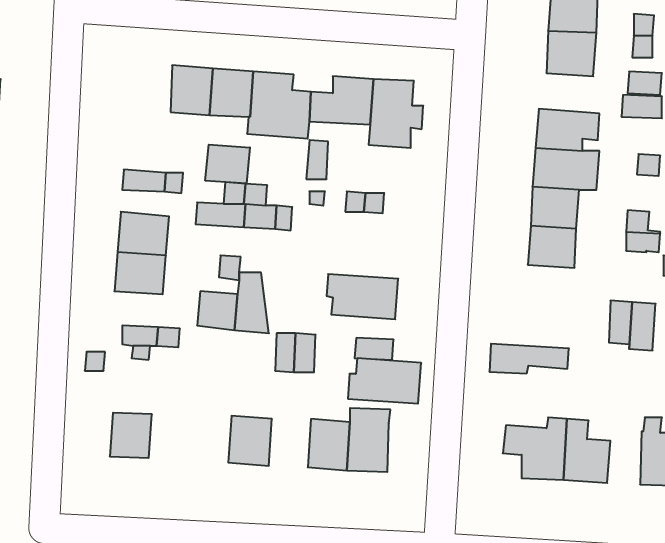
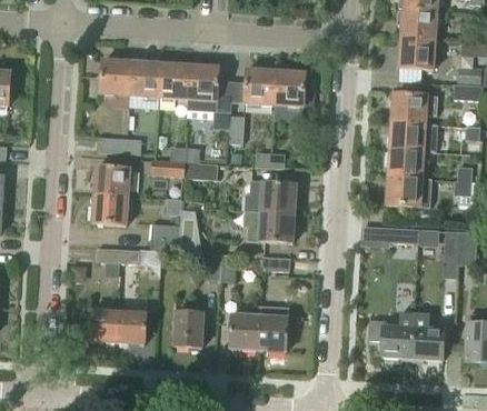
building: none -> [101,60,132,96]
building: [205,145,250,184] -> none
building: [489,344,569,373] -> [362,227,419,248]
building: [348,358,421,404] -> [244,182,296,214]
building: none -> [116,311,146,343]

